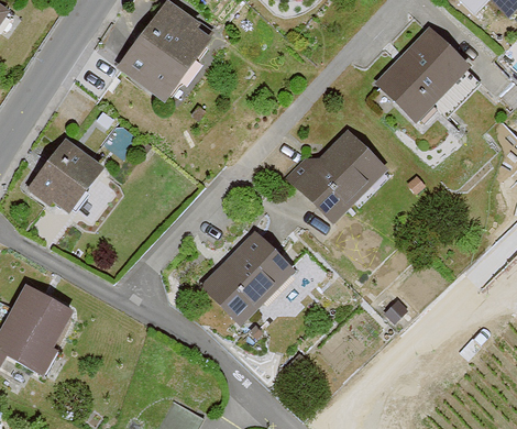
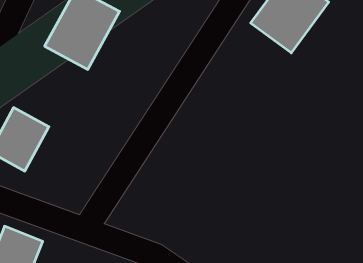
building: [292,128,389,224] -> none
building: [204,233,295,323] -> none

